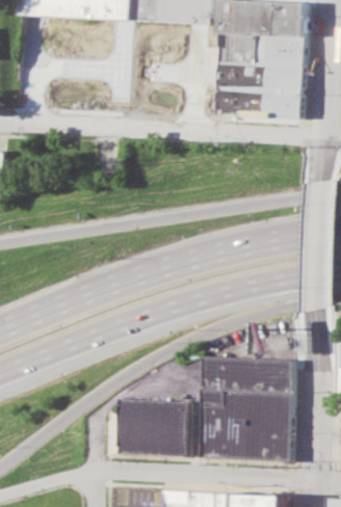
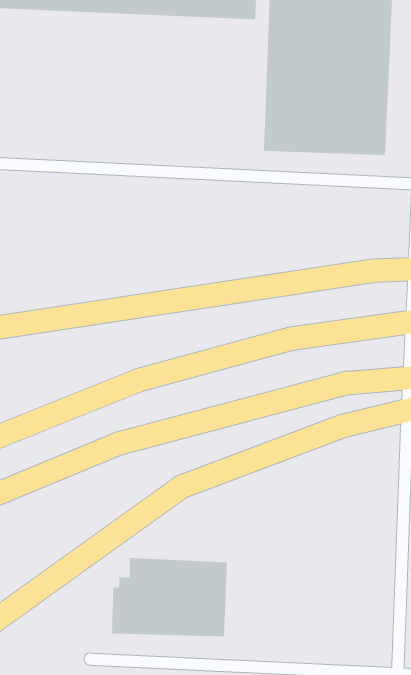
building: [200,355,293,461] -> none

